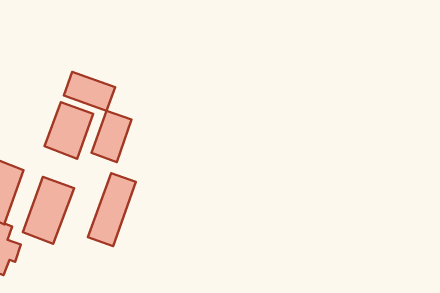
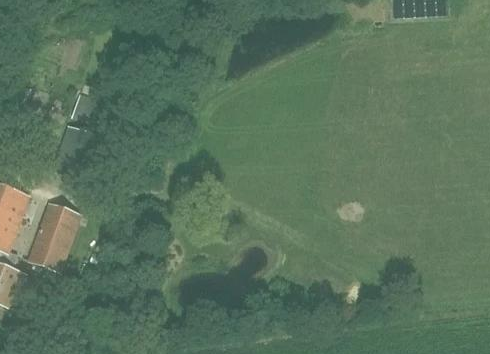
building: [91,111,131,162] -> none
building: [88,173,136,246] -> none

